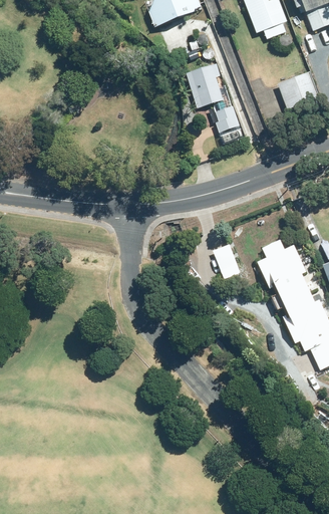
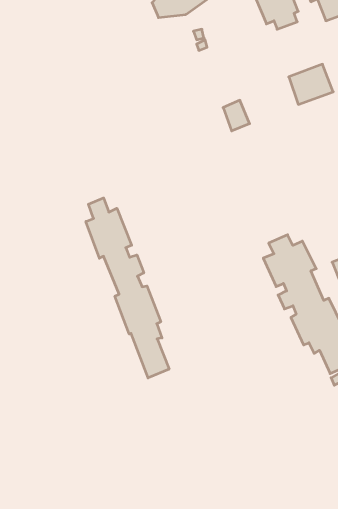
building: [187,63,224,110] -> none
building: none -> [86,198,169,378]
building: [211,240,240,275] -> none

